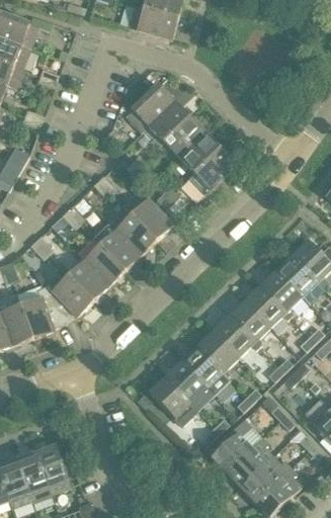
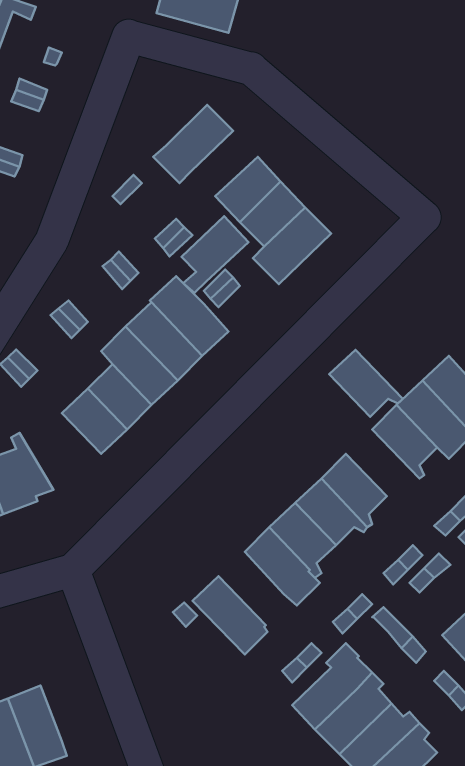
building: [148,100,189,148] -> [182,216,248,293]
building: [42,275,92,323] -> none
building: [244,285,289,327] -> [329,350,403,417]
building: [165,361,214,410] -> none

